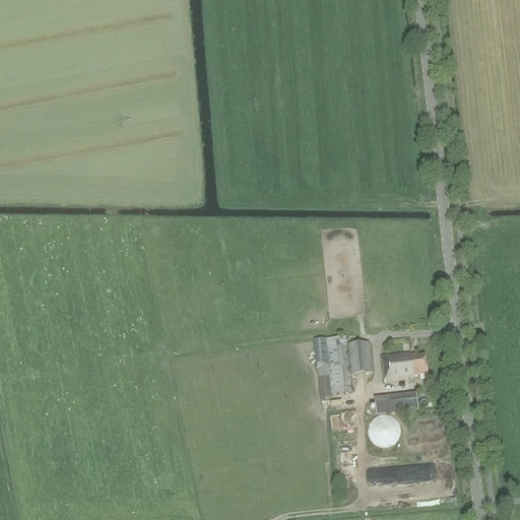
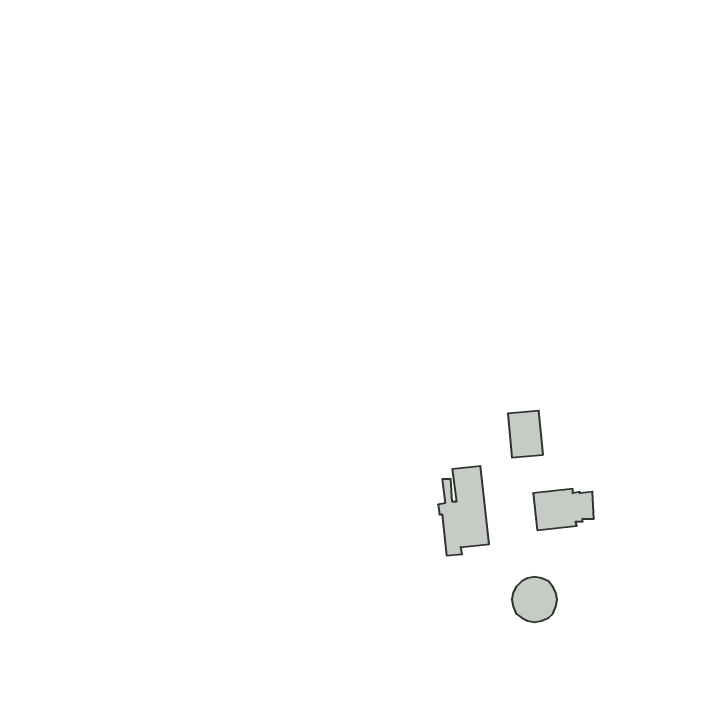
building: [346,339,372,373] -> [508,411,543,458]
building: [374,392,417,413] -> none

